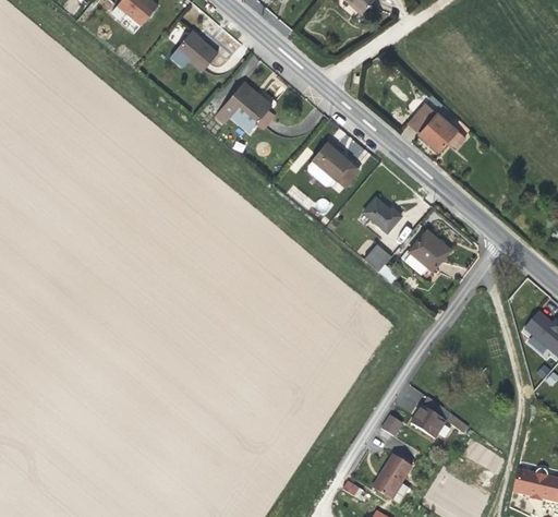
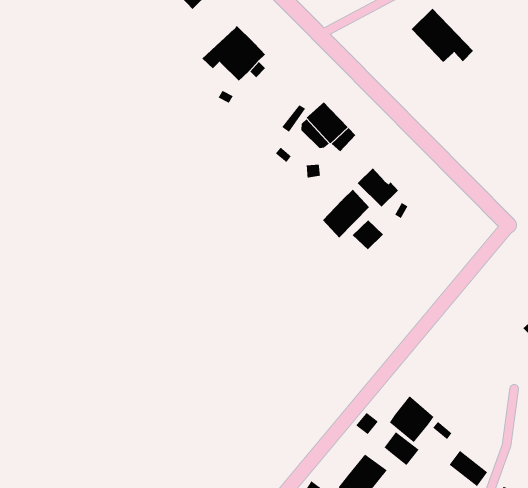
building: [408,103,465,151] -> [411,8,474,63]
building: none -> [322,189,370,239]
building: [409,229,451,270] -> none
building: none -> [383,431,419,466]

